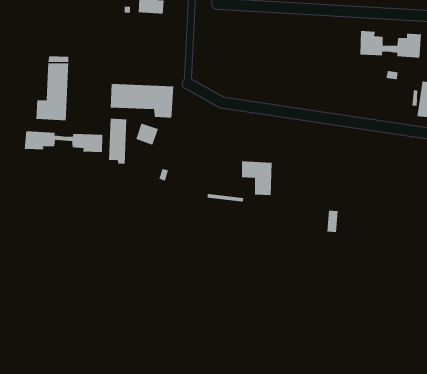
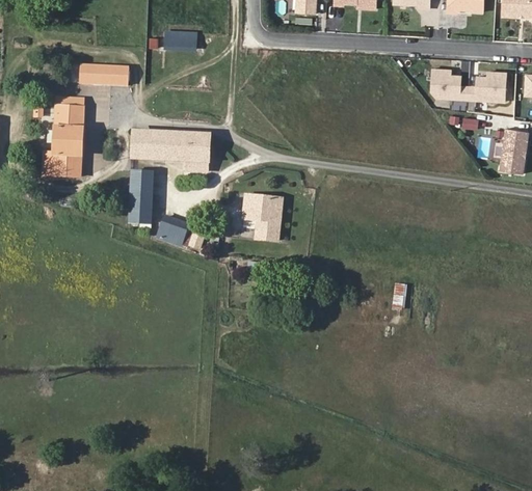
building: none -> [80,66,129,86]
building: [136,123,159,145] -> [158,218,186,245]
building: [24,131,103,153] -> none
building: [241,161,272,196] -> [246,199,284,241]

